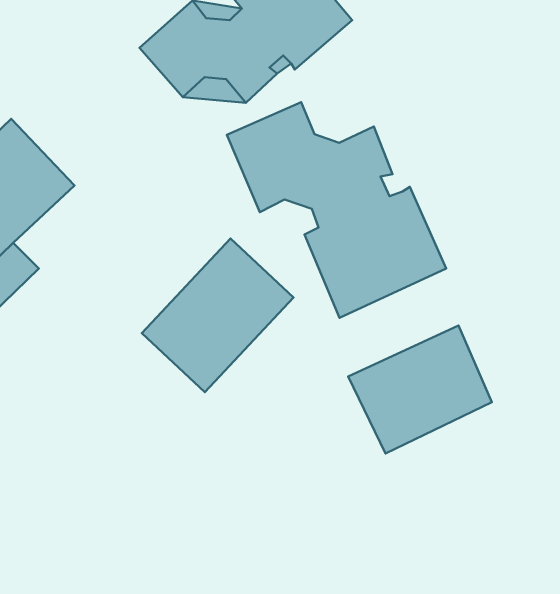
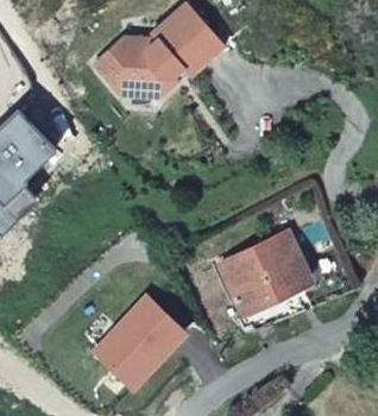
building: [227,102,446,318] -> none
building: [142,239,293,392] -> [93,296,184,389]

